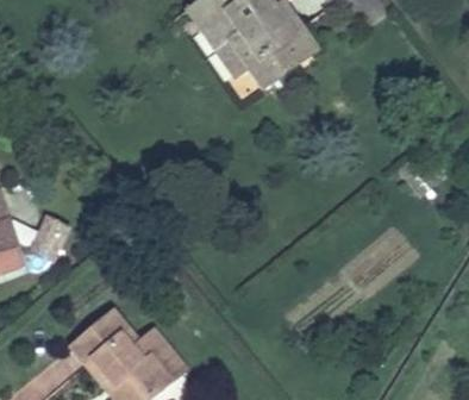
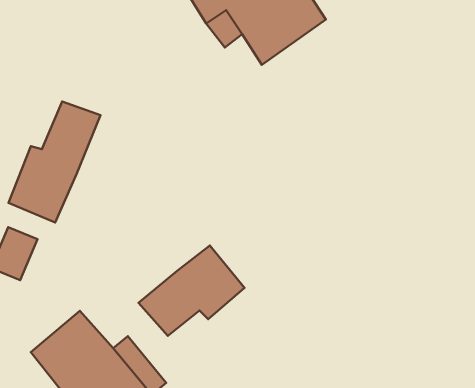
building: none -> [9,101,101,222]
building: none -> [139,246,244,336]

